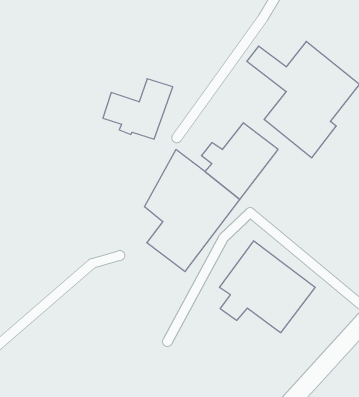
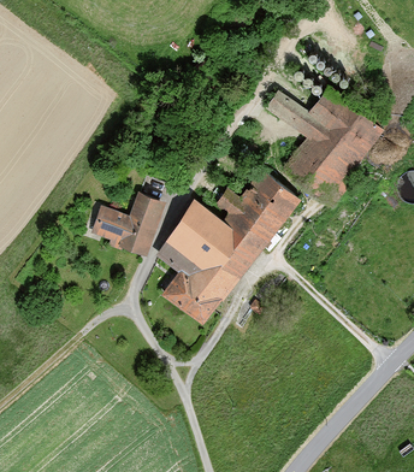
building: [103,79,173,139] -> [93,191,165,254]
building: [220,241,315,333] -> none

